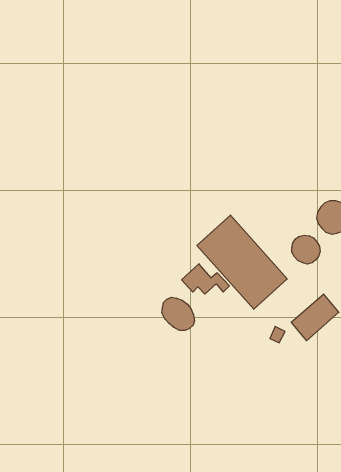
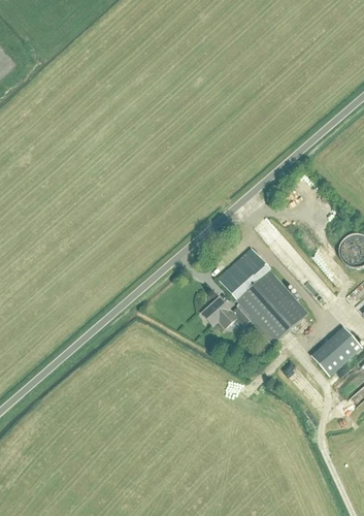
building: [292,235,320,264] -> none
building: [162,297,194,330] -> none

